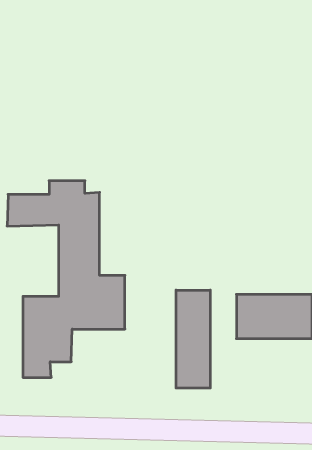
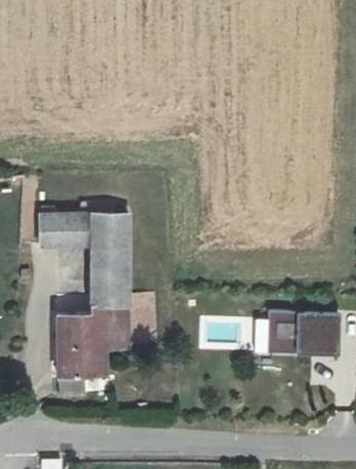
building: [176,290,210,388] -> none

